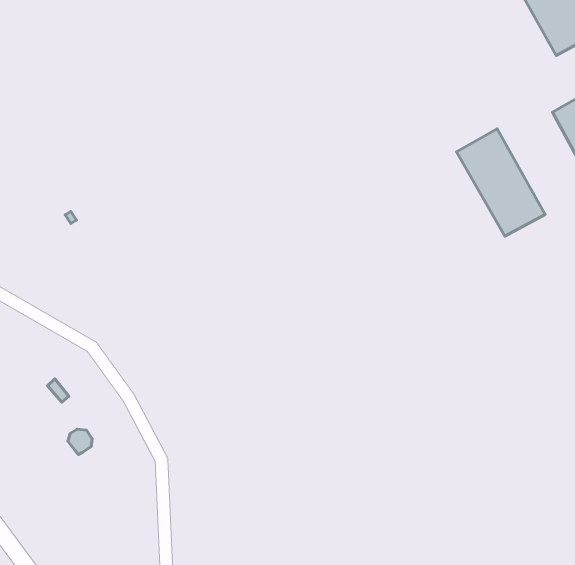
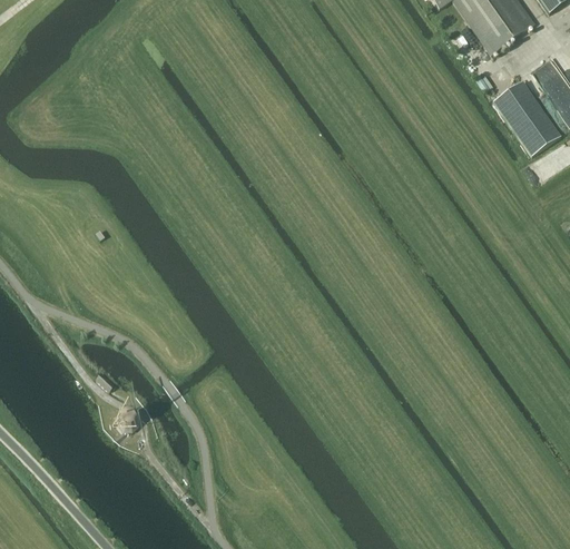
building: [456,129,545,236] -> none

